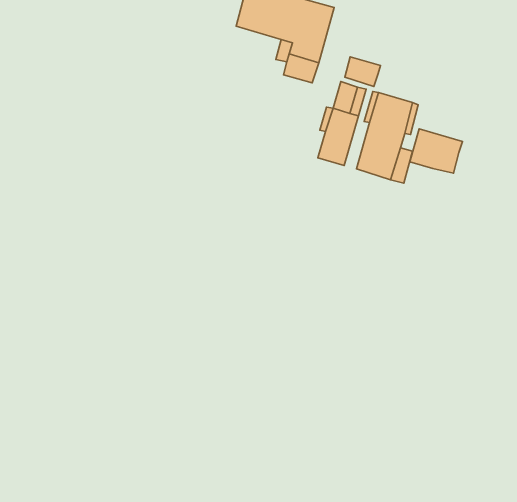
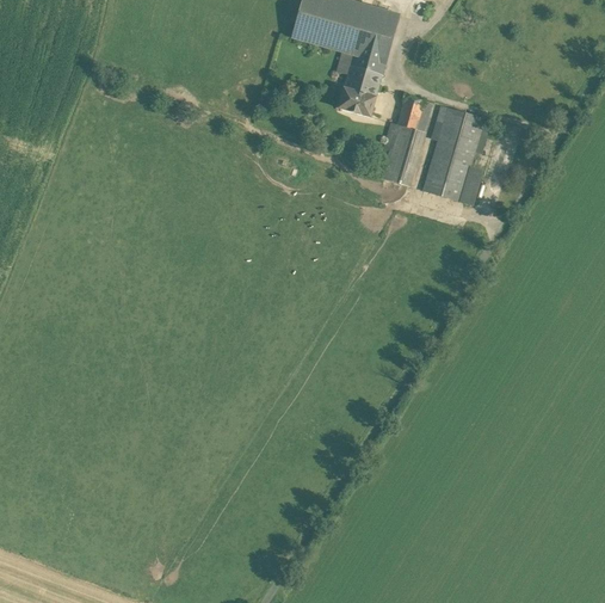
building: [345,57,381,87] -> none
building: none -> [338,87,375,116]
building: [410,129,462,173] -> none

